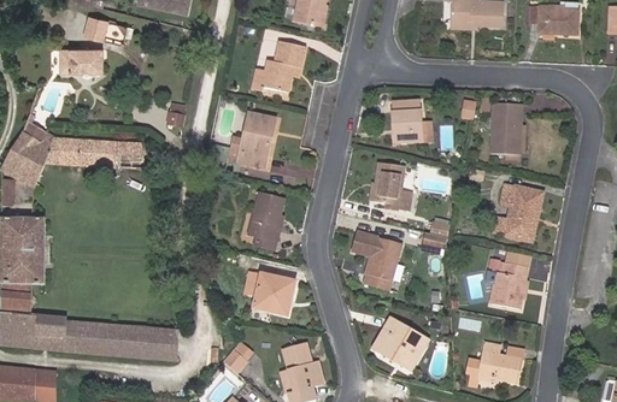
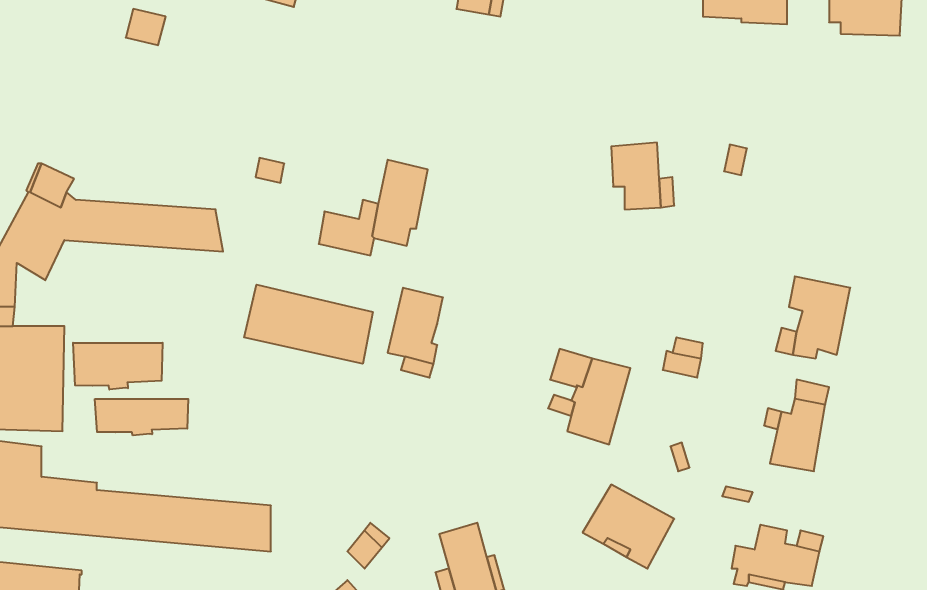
building: [251,40,304,91] -> none
building: [59,47,106,73] -> none
building: [492,105,523,155] -> none
building: [372,164,410,211] -> none
building: none -> [244,285,373,364]
building: none -> [73,343,163,390]
building: none -> [95,399,188,435]
building: [246,271,295,315] -> none

